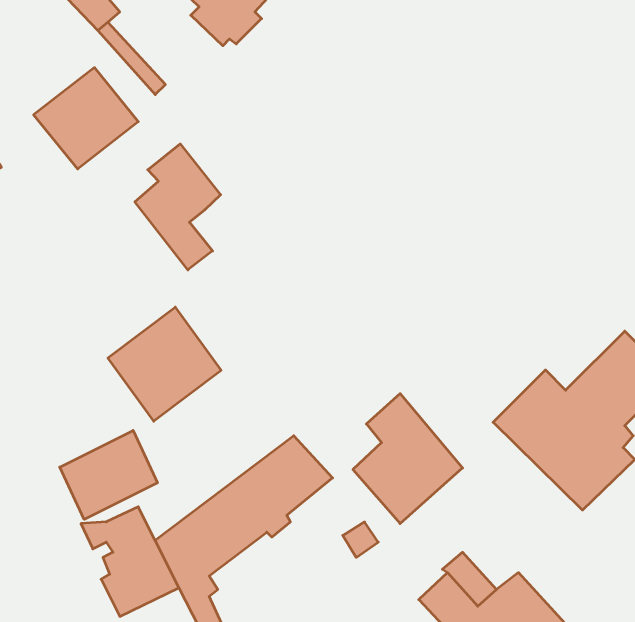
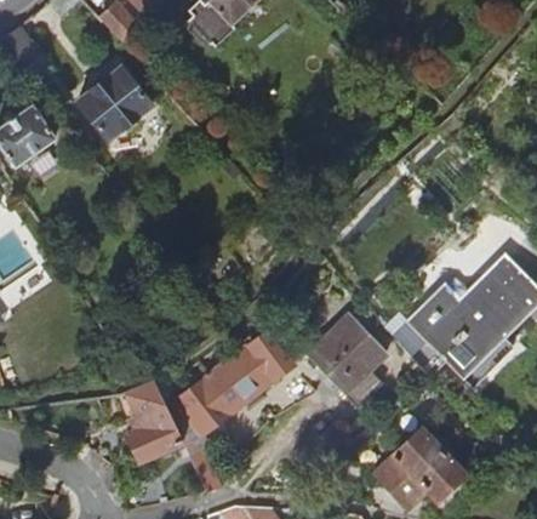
building: [135,144,221,270] -> none
building: [108,307,221,421] -> none
building: [60,430,157,519] -> none

